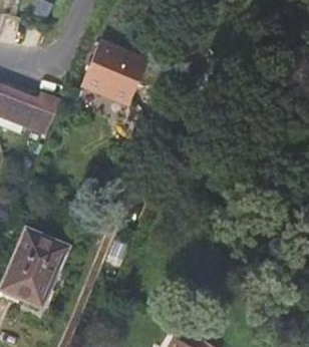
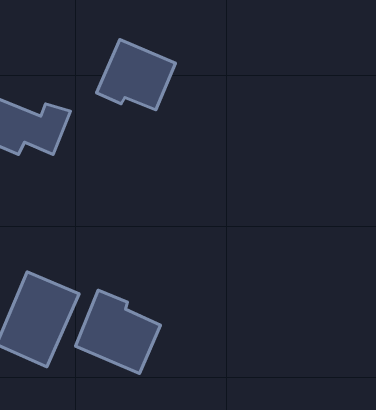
building: none -> [76,290,161,374]

